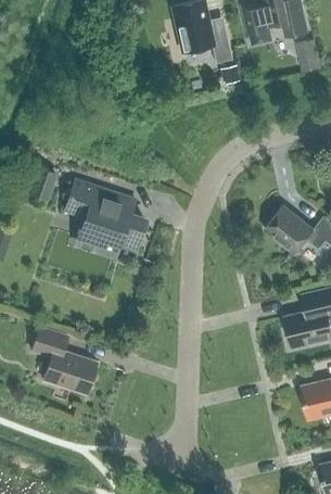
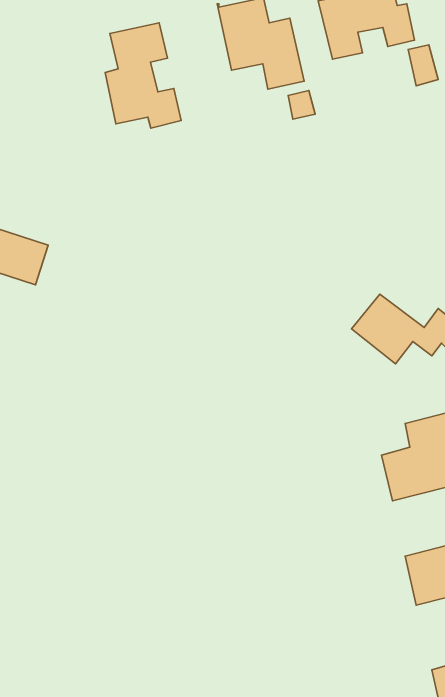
building: none -> [105,23,181,128]
building: [65,180,144,256] -> none
building: [33,327,98,394] -> none

